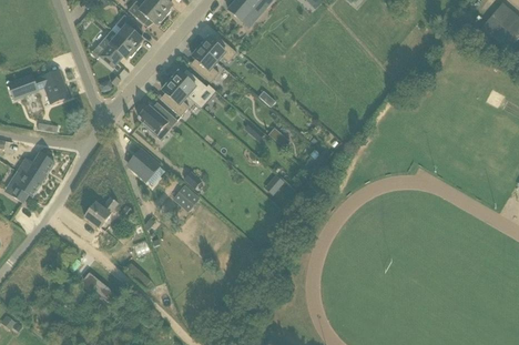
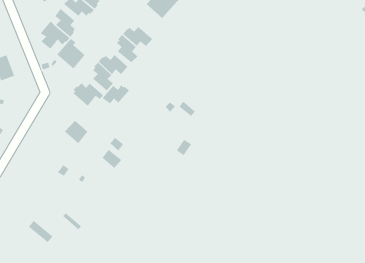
building: none -> [56,38,86,69]
building: none -> [101,84,130,104]
building: [84,196,118,227] -> none

